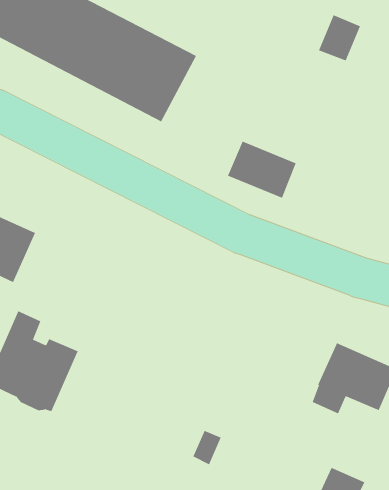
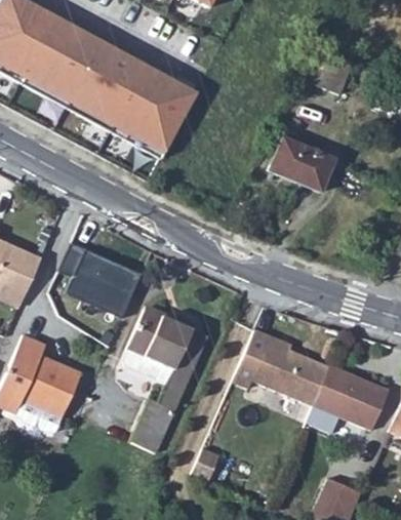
building: [227,141,296,198] -> [269,136,335,192]
building: none -> [58,242,143,314]
building: none -> [125,308,208,452]
building: none -> [233,329,330,405]

